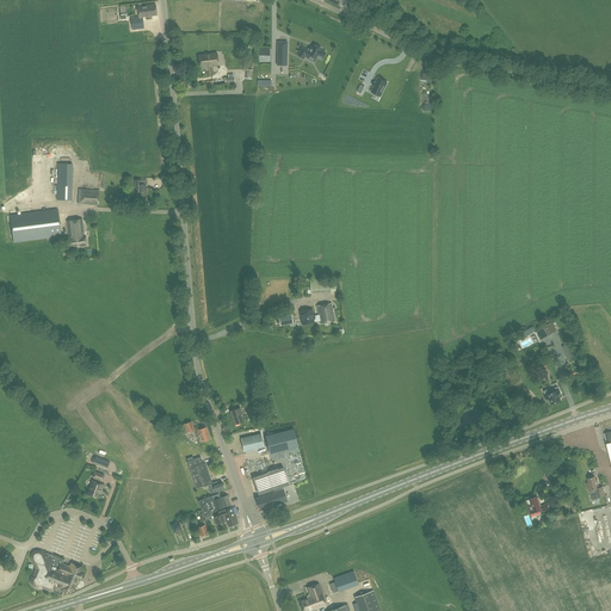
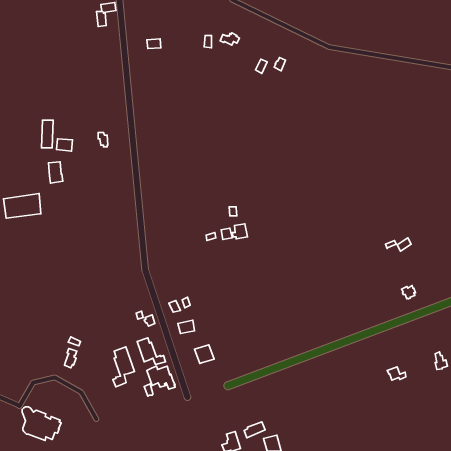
building: [10,208,60,241] -> [4,193,41,218]
building: [264,427,297,452] -> none
building: none -> [113,347,134,387]
building: [252,471,286,508] -> none

